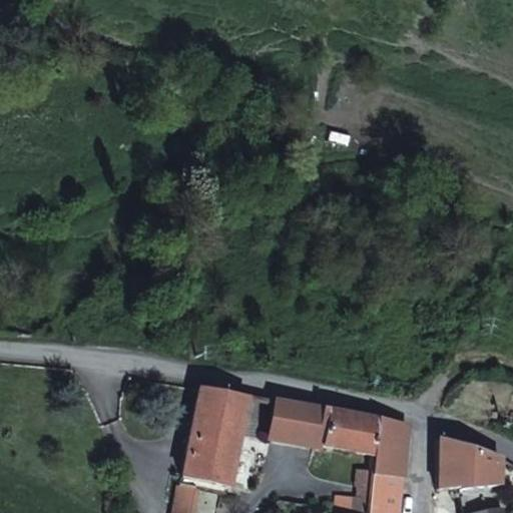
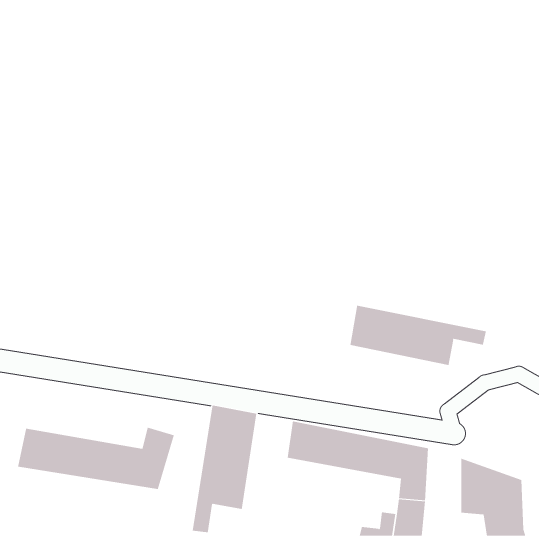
building: none -> [350,305,487,366]
building: none -> [17,427,175,490]

